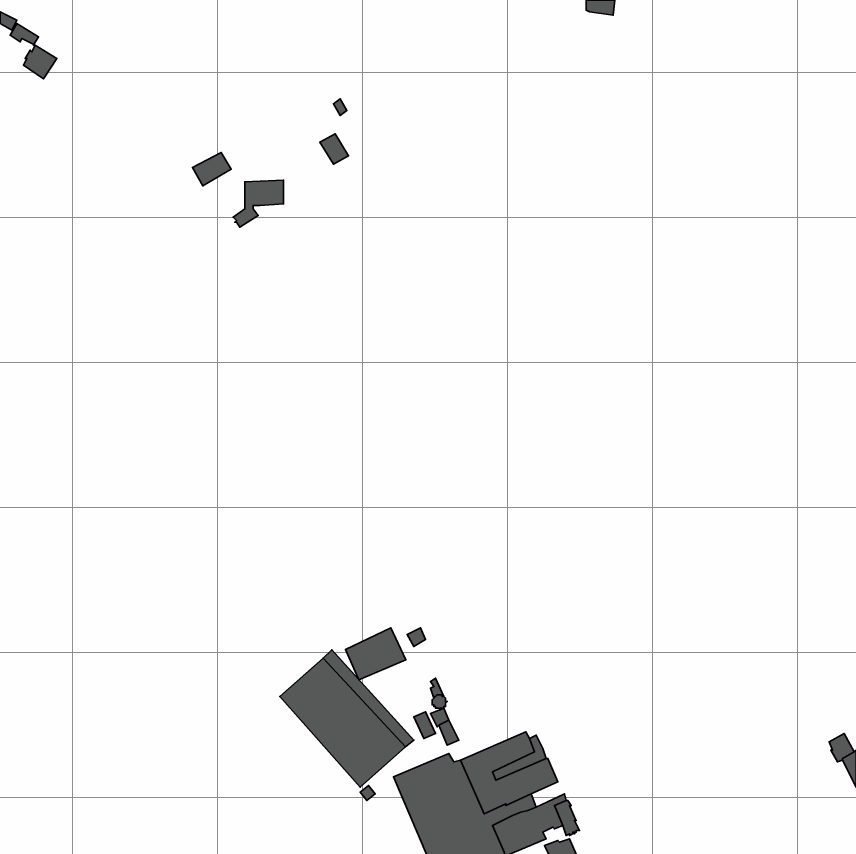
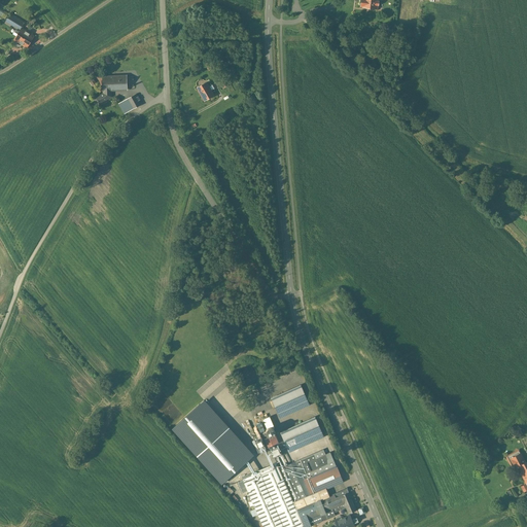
building: [233,180,283,227] -> [96,76,127,105]
building: [346,628,406,680] -> [272,386,309,418]
building: none -> [280,418,323,452]

